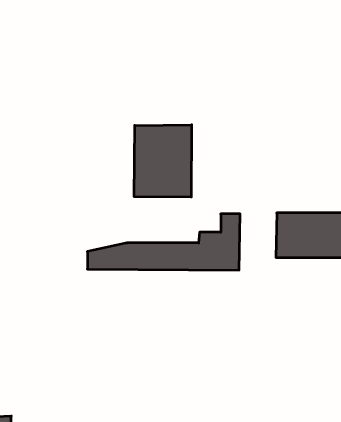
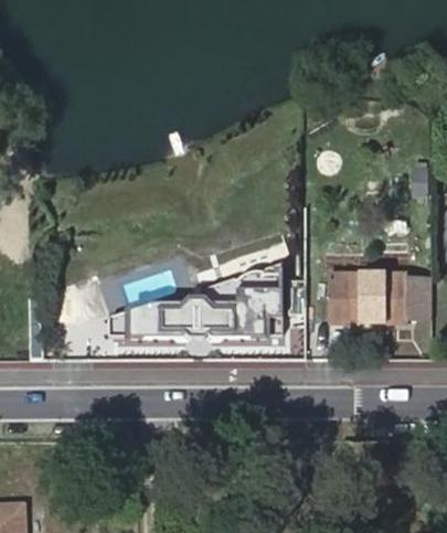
building: [134,125,192,197] -> none

